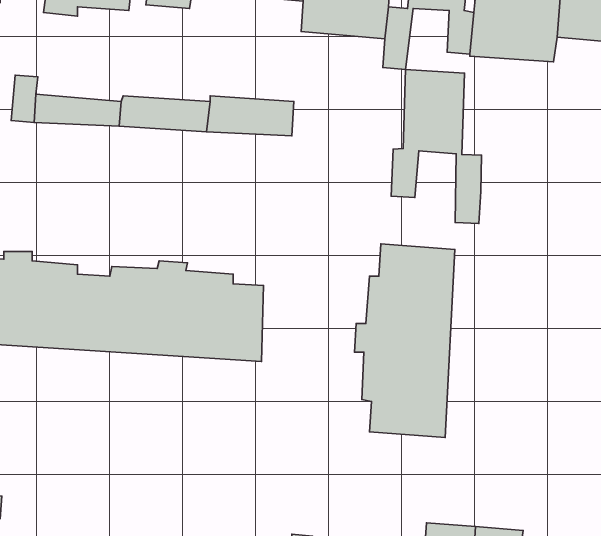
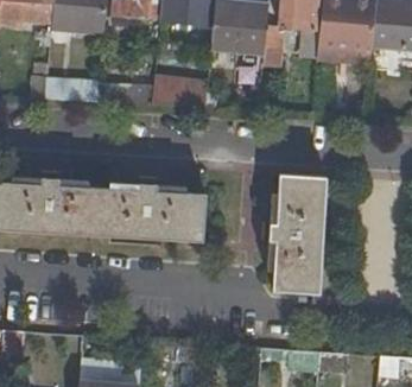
building: [391,69,482,223] -> none

